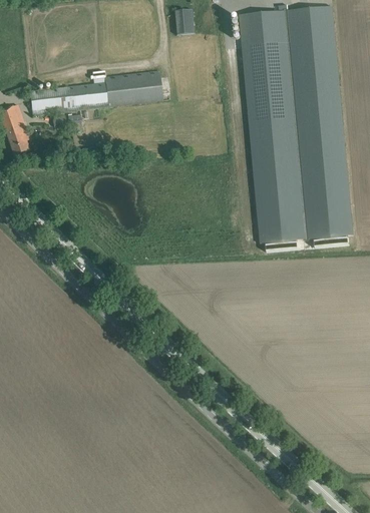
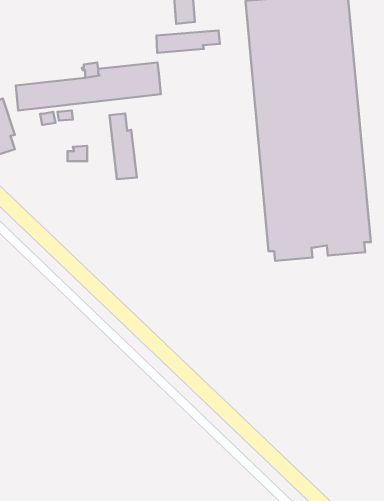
building: none -> [156,30,220,53]
building: none -> [110,113,137,179]

